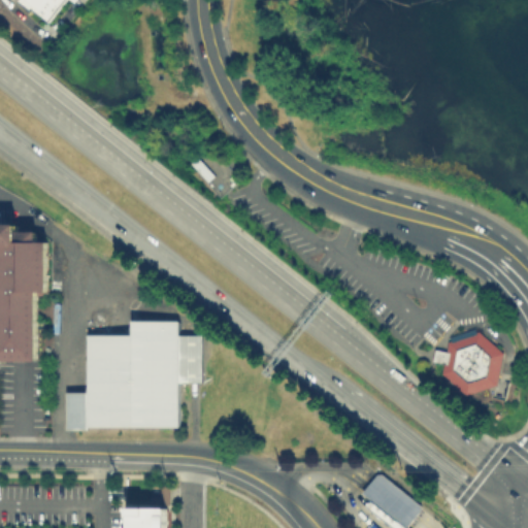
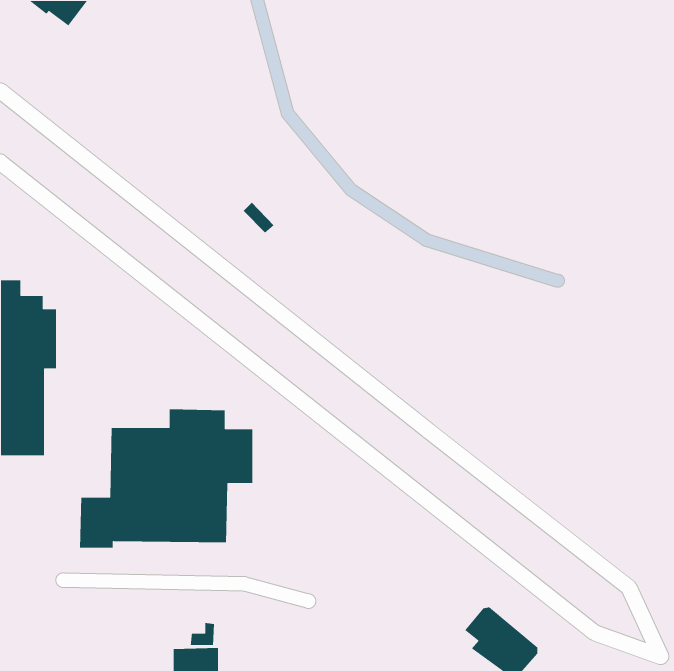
building: [431,329,501,395] -> none

